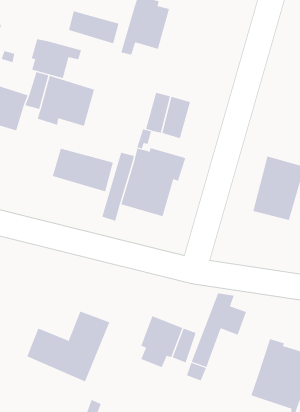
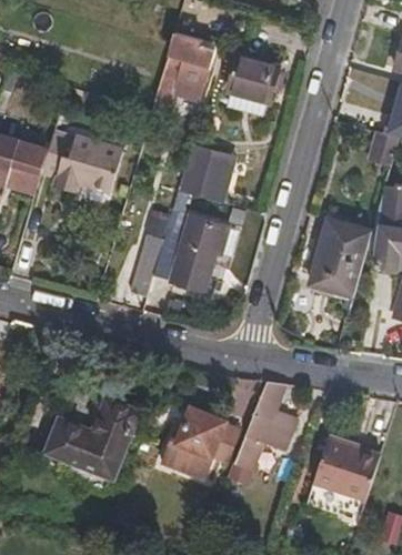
building: [68,10,119,44] -> none
building: none -> [225,53,279,115]
building: [31,38,82,79] -> none
building: [52,148,113,192] -> none

